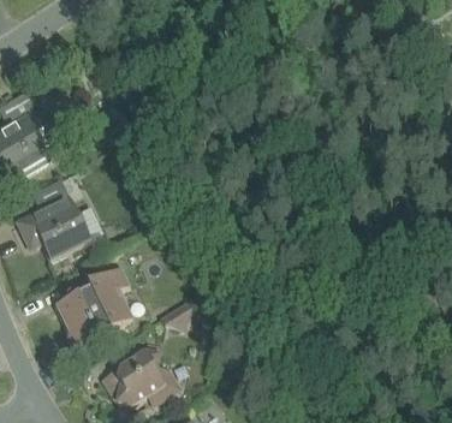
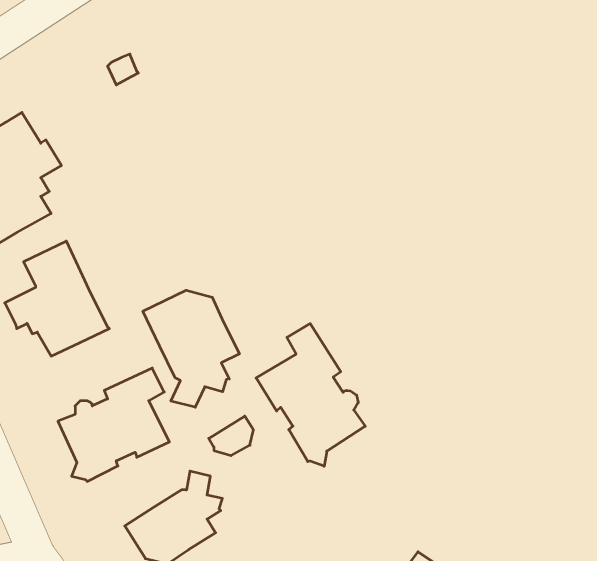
building: none -> [143,290,239,407]
building: none -> [256,324,365,466]

